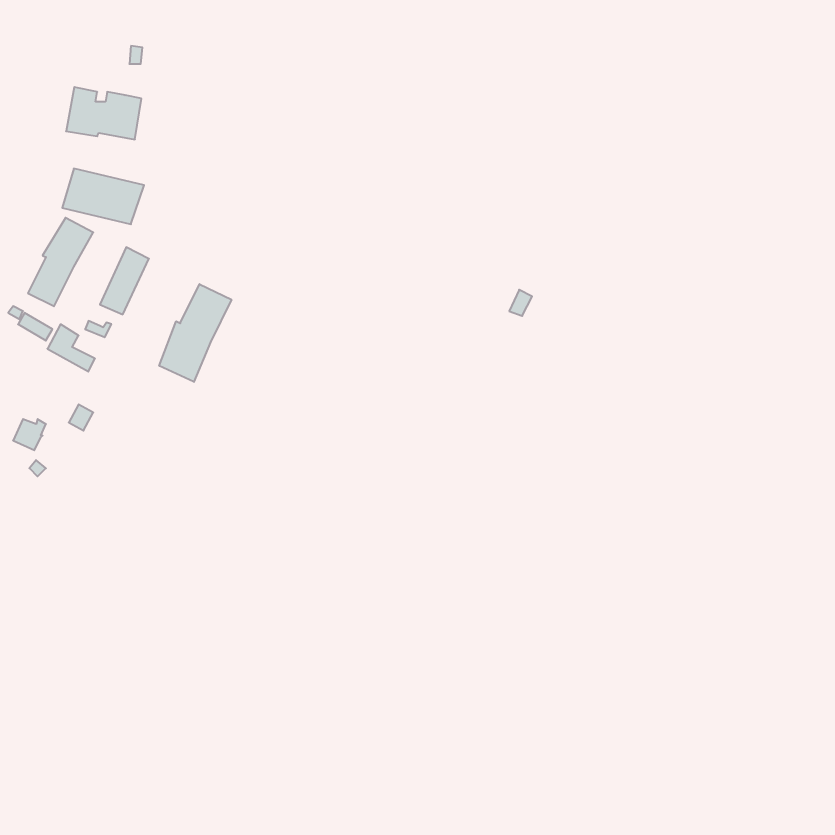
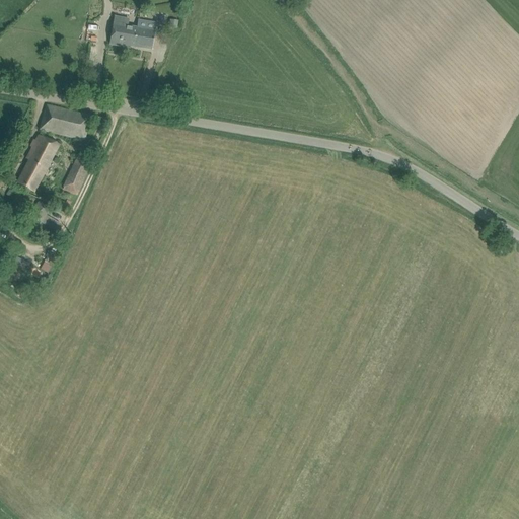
building: [66,87,141,139] -> [108,16,155,49]
building: [159,284,231,382] -> none

